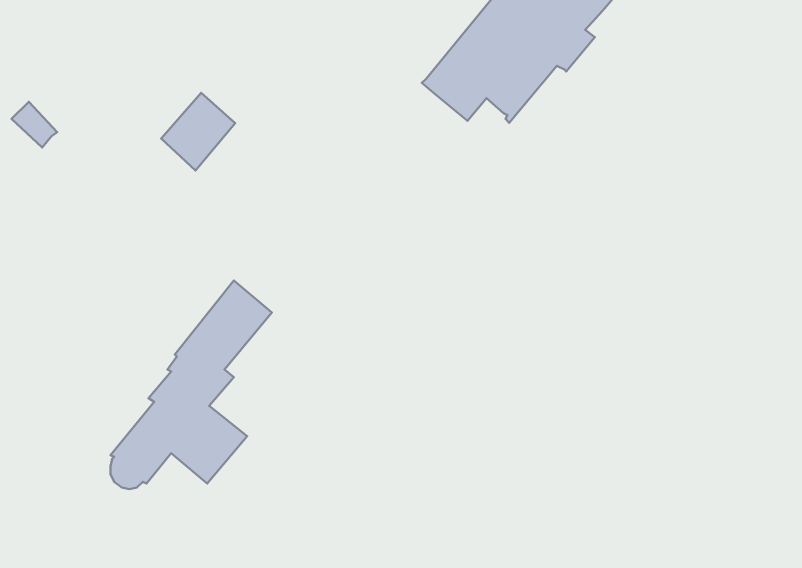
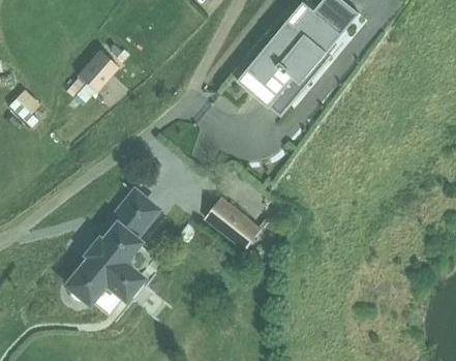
building: [161,93,235,171] -> [77,50,117,92]
building: none -> [205,198,261,249]

